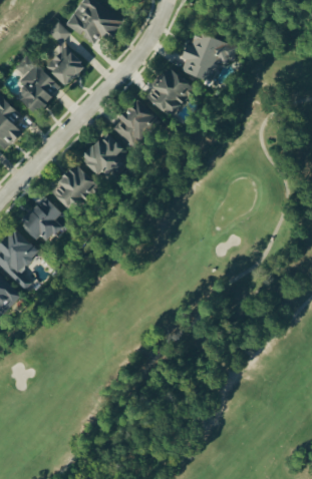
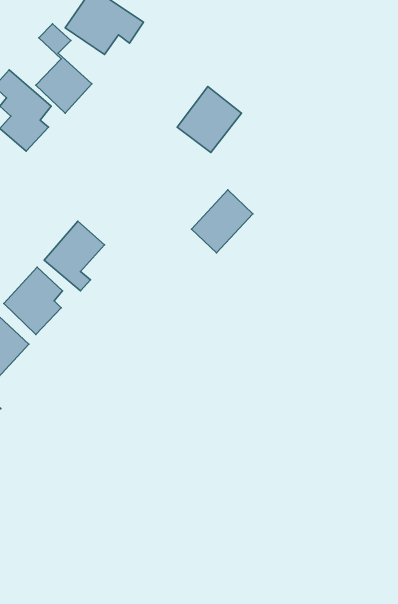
building: [180,32,237,82] -> none
building: [112,100,157,145] -> [191,190,253,253]
building: [81,132,124,178] -> none

